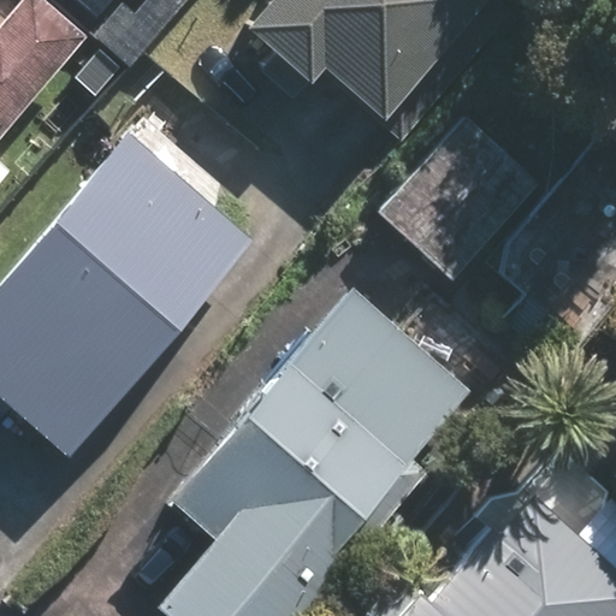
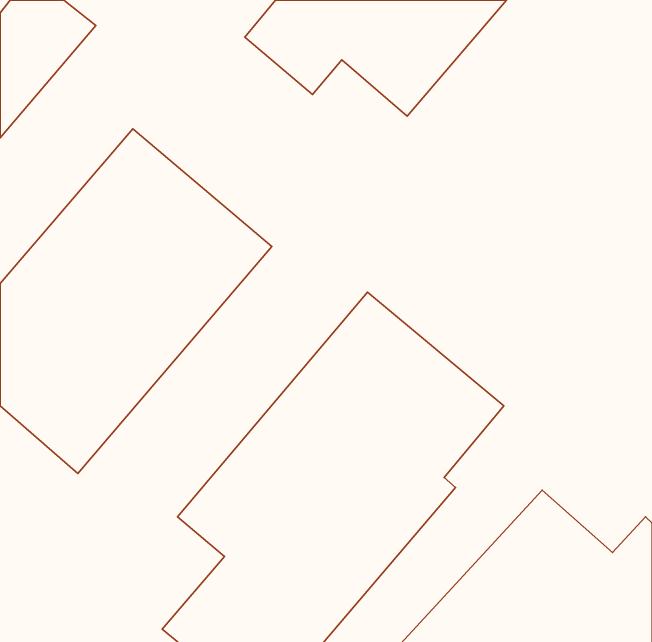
building: [378,117,544,285] -> none

